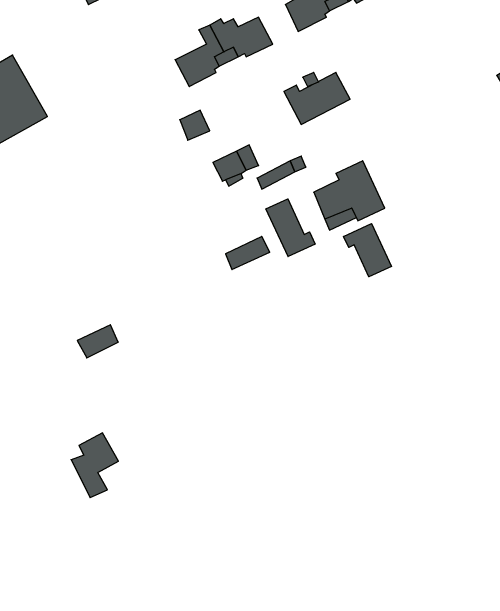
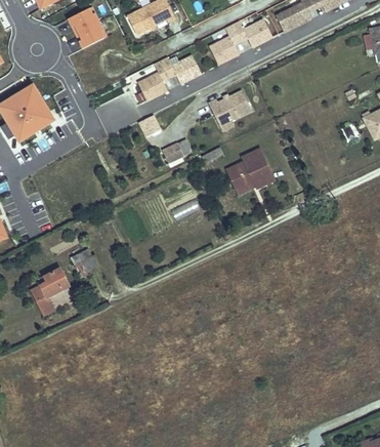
building: [266,199,315,257] -> none
building: [344,224,391,277] -> none
building: [71,433,118,498] -> [30,273,60,315]

